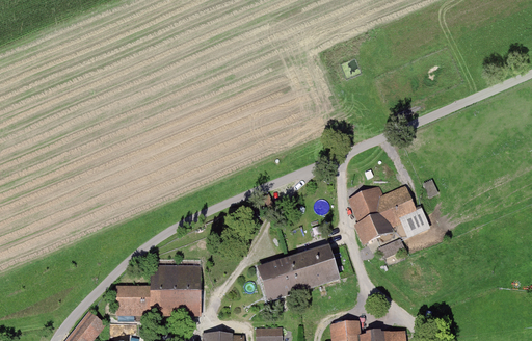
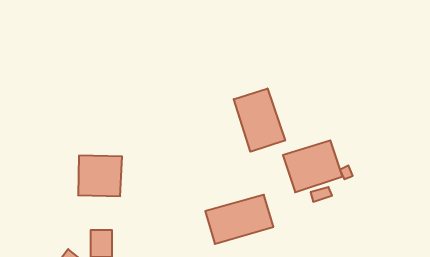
building: none -> [234,88,285,152]
building: [149,264,202,313] -> [78,156,122,196]

